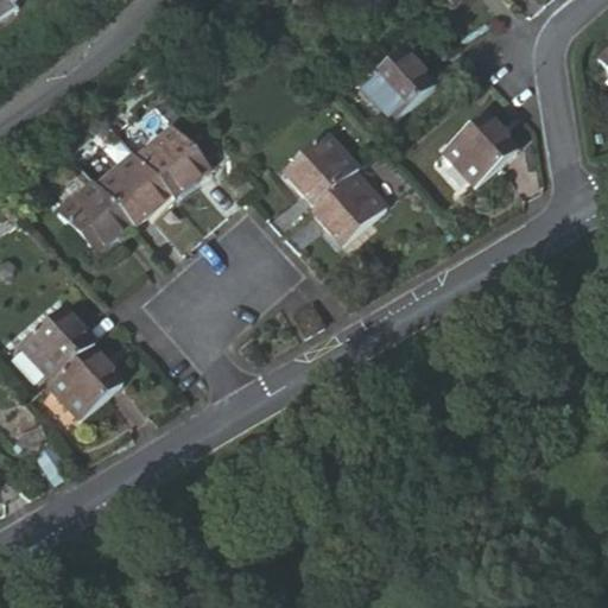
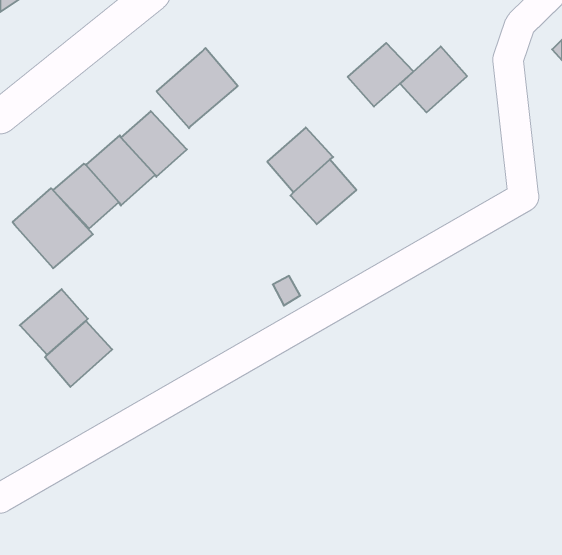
building: none -> [157,48,238,128]
building: [443,115,515,186] -> [400,46,467,112]
building: none -> [13,188,93,268]

